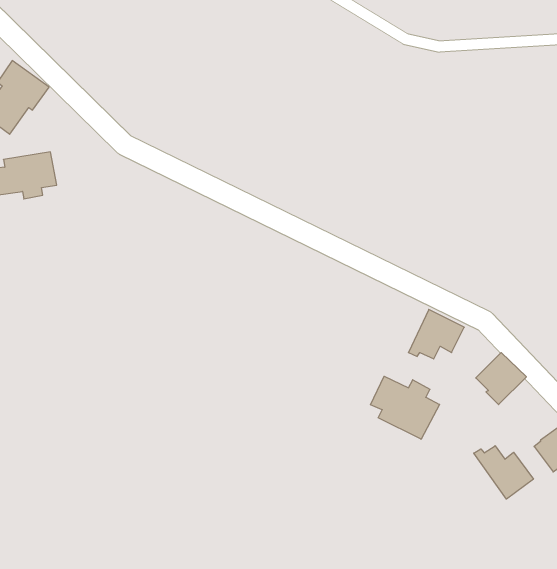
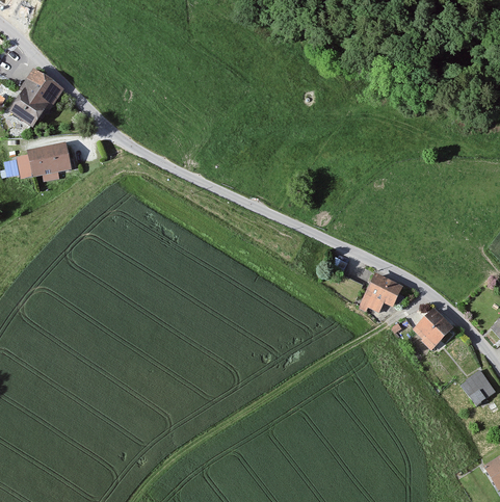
building: [370,376,440,439] -> none
building: [474,446,533,499] -> none

